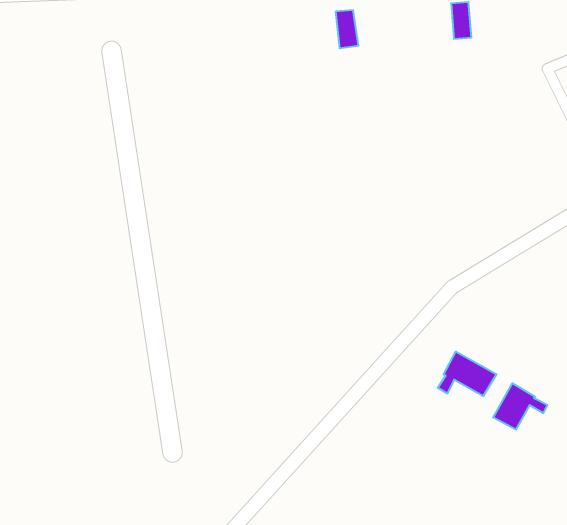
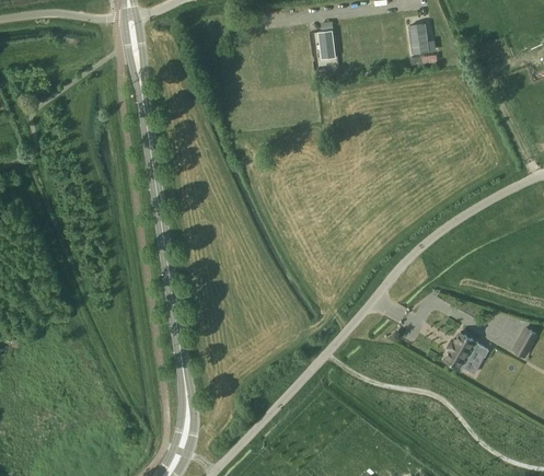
building: [438,351,496,396] -> none

